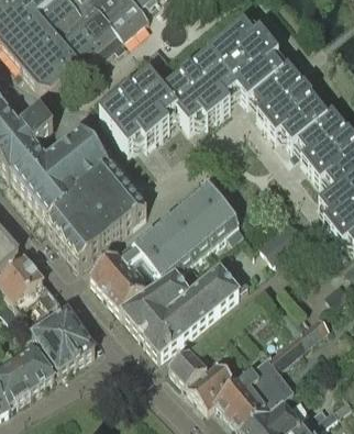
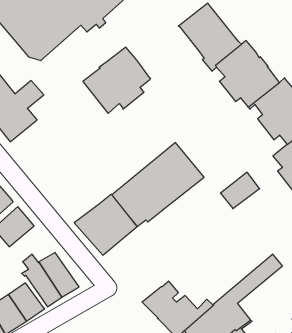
building: [162,48,239,126] -> none
building: [15,130,146,265] -> none
building: [122,259,247,357] -> none

